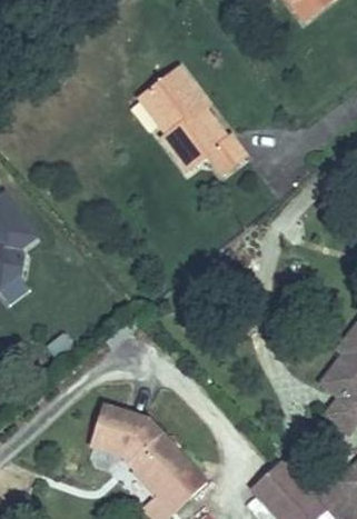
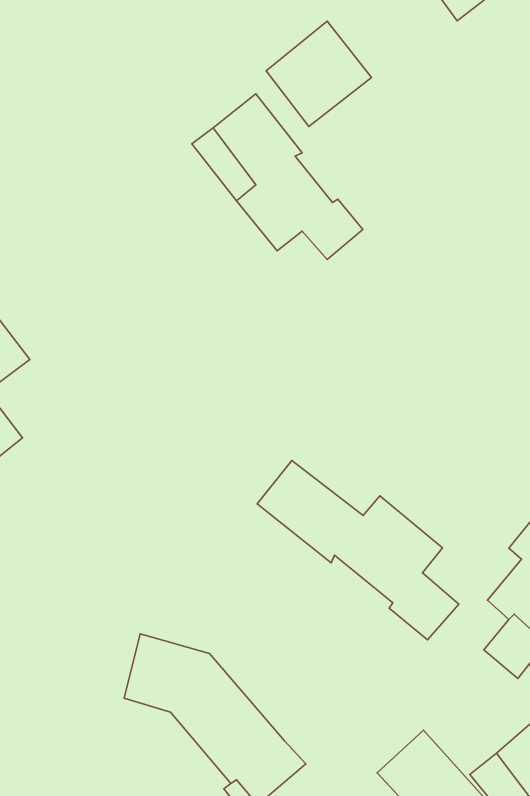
building: none -> [266,21,371,127]
building: none -> [257,461,459,640]

